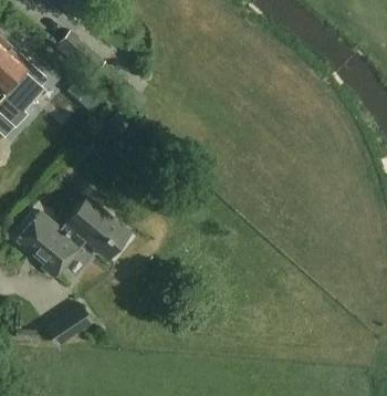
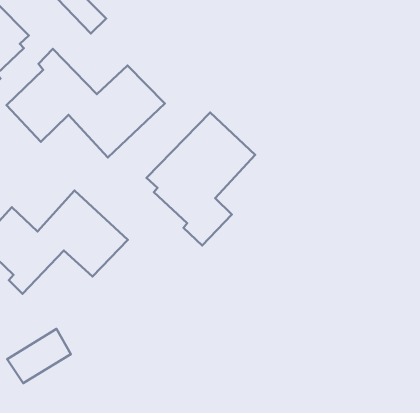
building: none -> [7,49,165,157]
building: none -> [146,113,255,246]

